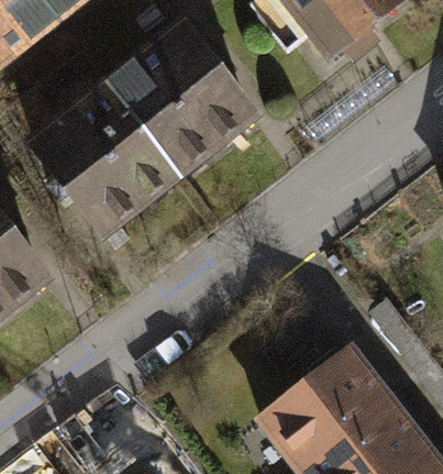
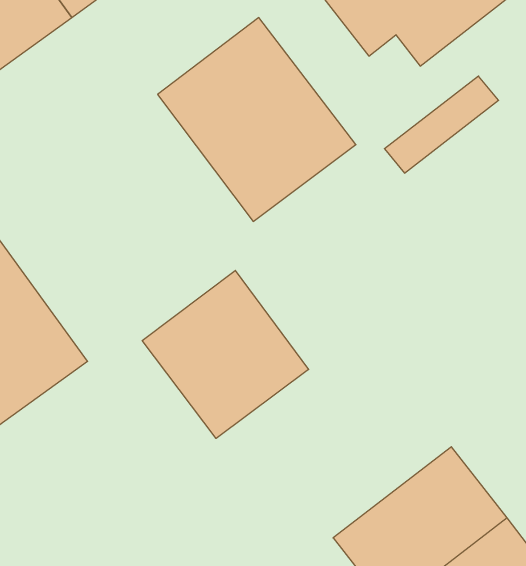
building: [43,79,196,236] -> none
building: none -> [142,270,309,438]

